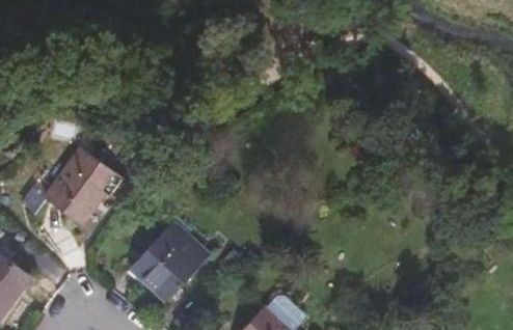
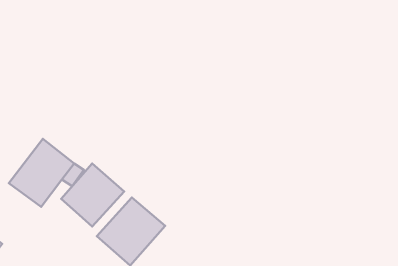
building: none -> [61,163,124,227]

